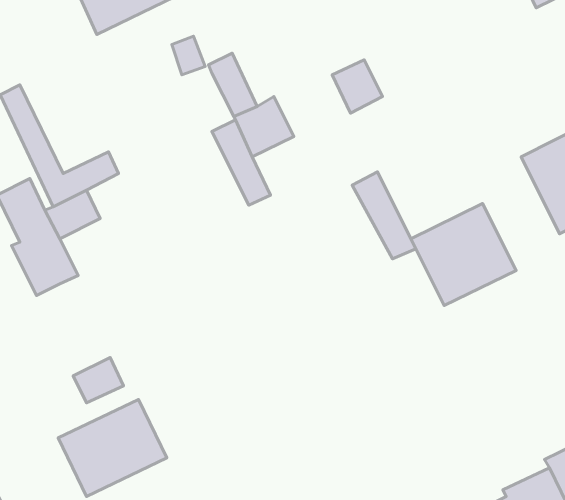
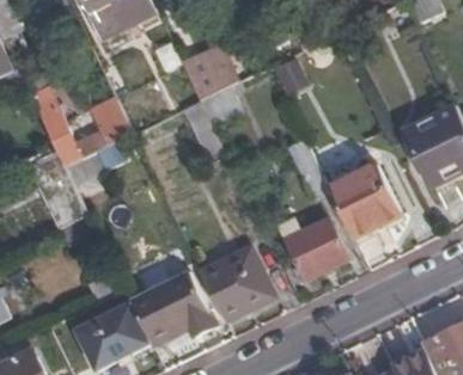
building: none -> [285,219,348,281]
building: none -> [201,248,274,321]
building: none -> [132,272,215,343]

